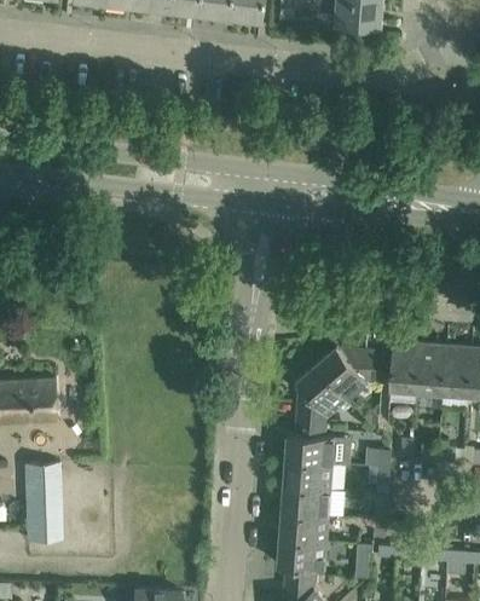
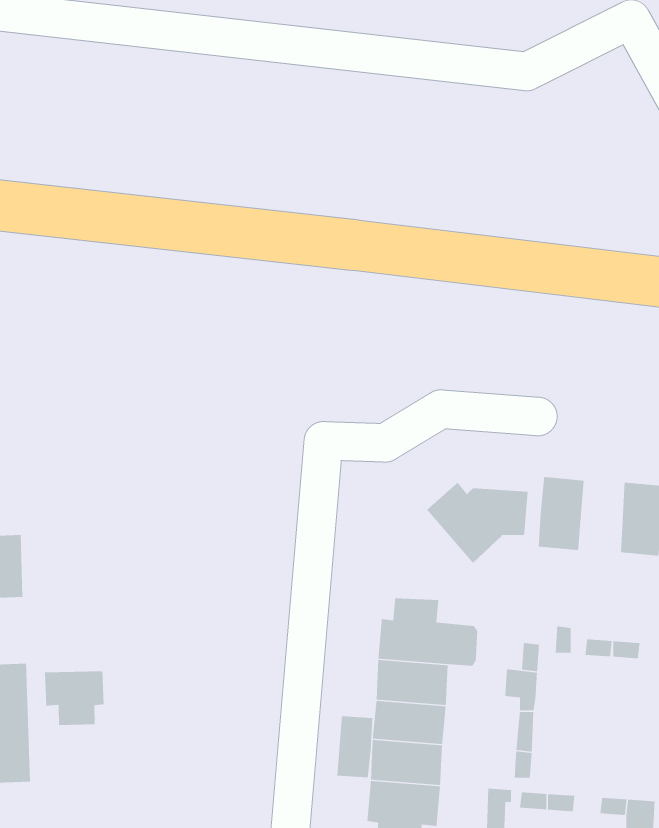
building: [416,345,445,392] -> none
building: [296,364,347,422] -> none
building: none -> [44,670,104,726]
building: none -> [336,716,373,778]

